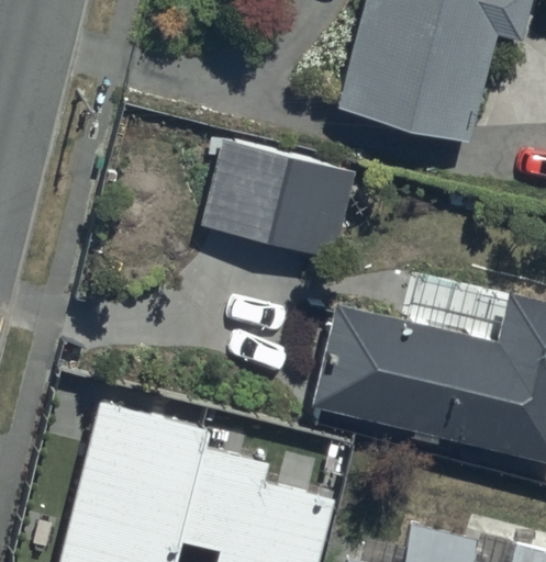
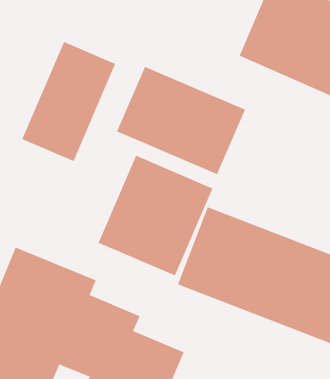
building: none -> [22,41,116,162]
building: none -> [98,155,213,276]

